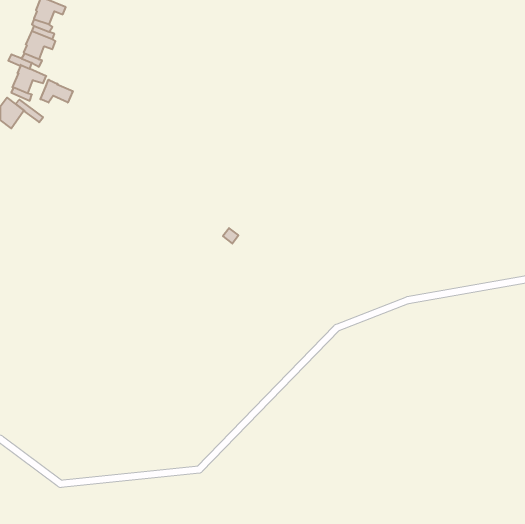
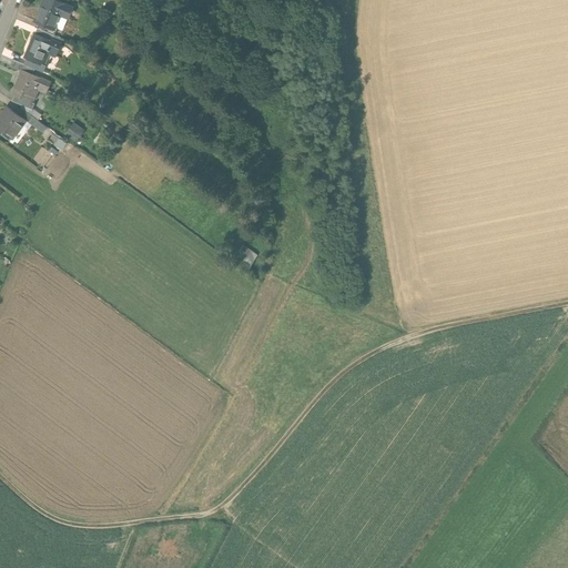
building: [40,80,73,103] -> none

